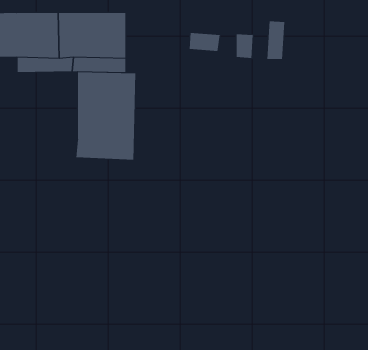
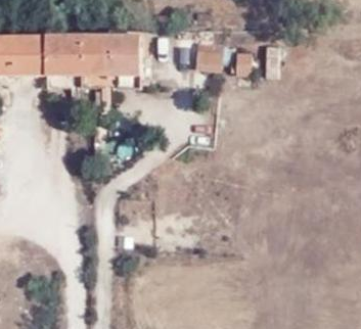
building: [76,72,136,161] -> none

